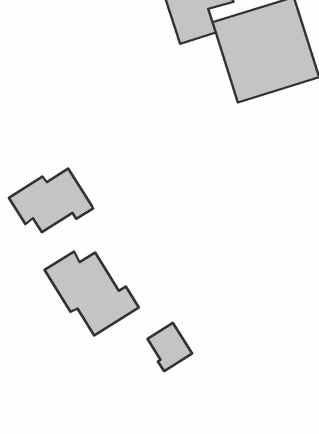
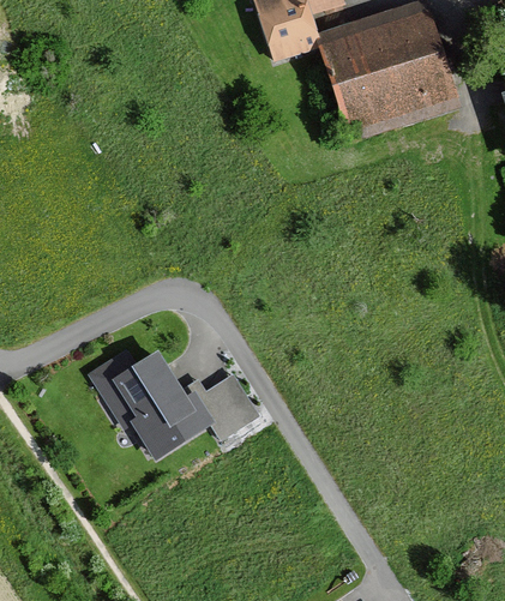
building: [9,168,93,232] -> none
building: [147,323,192,371] -> [198,373,259,439]

